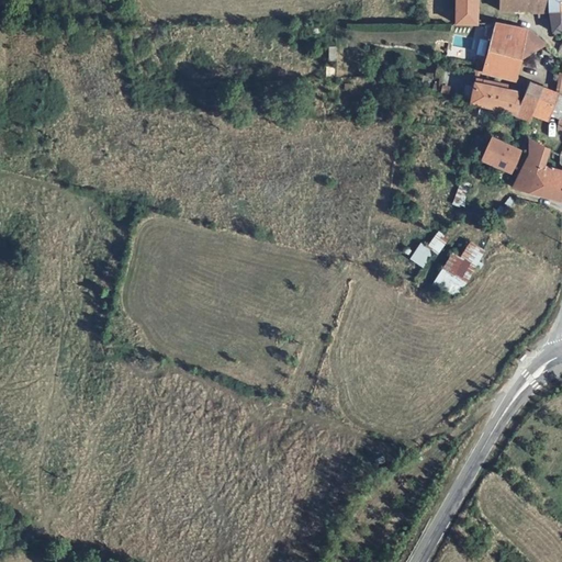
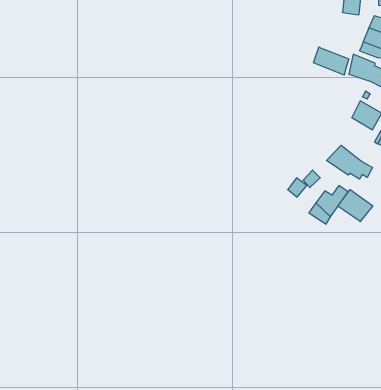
building: none -> [313,47,349,75]
building: none -> [327,145,372,179]
building: none -> [338,190,373,222]

